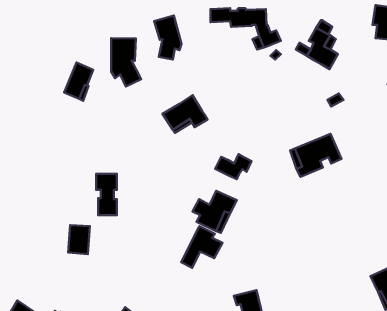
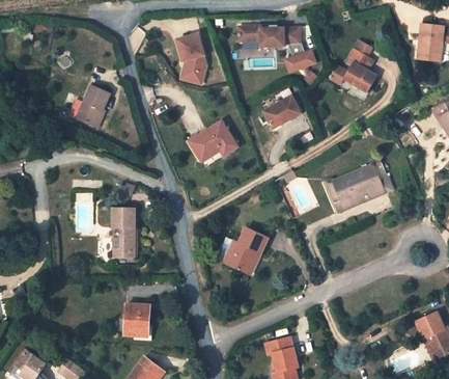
building: [111,38,141,86] -> none
building: none -> [262,94,302,131]
building: [215,154,252,179] -> none
building: [68,225,90,254] -> [124,303,148,335]
building: [181,226,222,268] -> none

